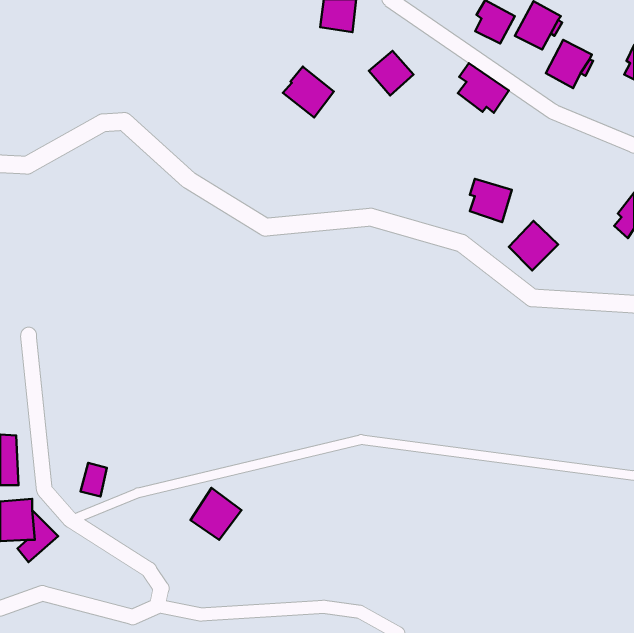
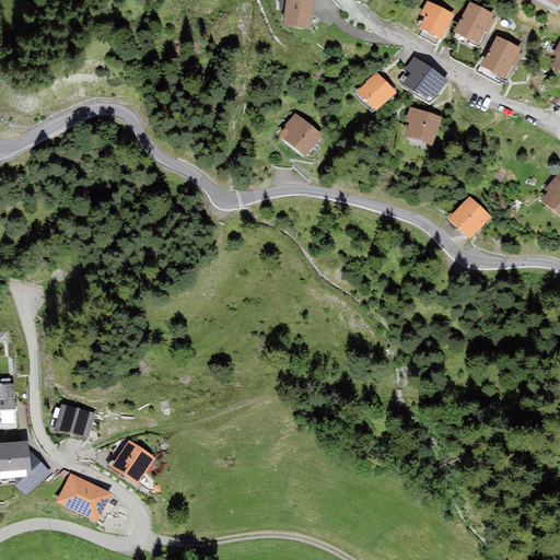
building: [369,51,414,96] -> [358,71,397,110]
building: [283,67,334,118] -> [278,112,323,156]
building: [470,179,512,222] -> [405,106,442,144]
building: none -> [55,404,78,433]
building: [191,488,241,540] -> [110,439,155,485]
building: none -> [56,472,112,522]

